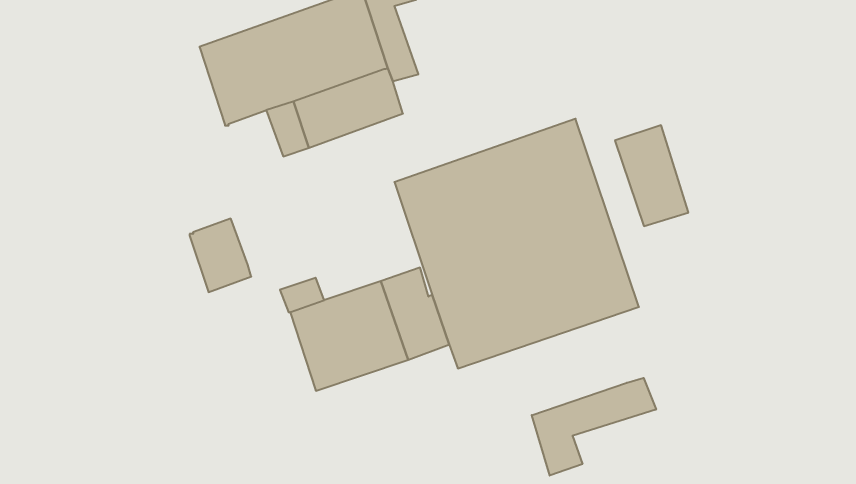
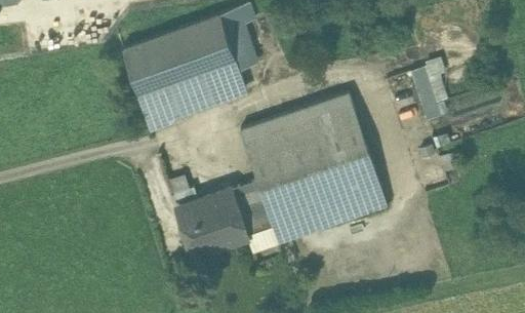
building: [615,125,688,226] -> [409,60,453,120]
building: [190,219,251,292] -> [138,88,175,132]
building: [532,378,656,476] -> none

